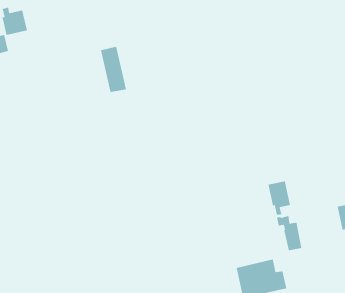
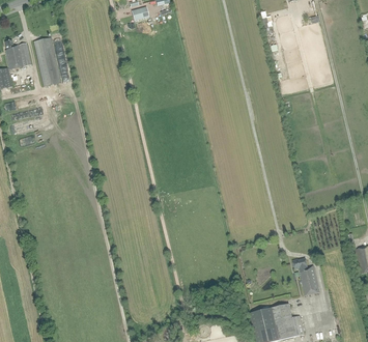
building: [100,46,127,93] -> [33,36,61,85]
building: [268,180,290,215] -> none

